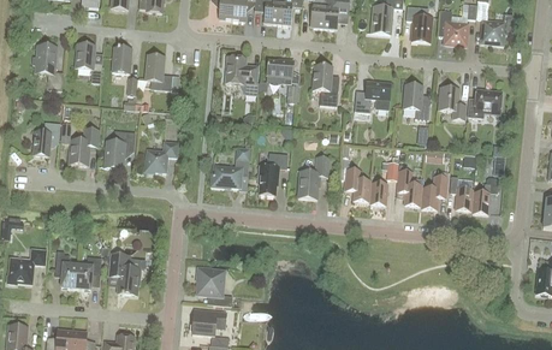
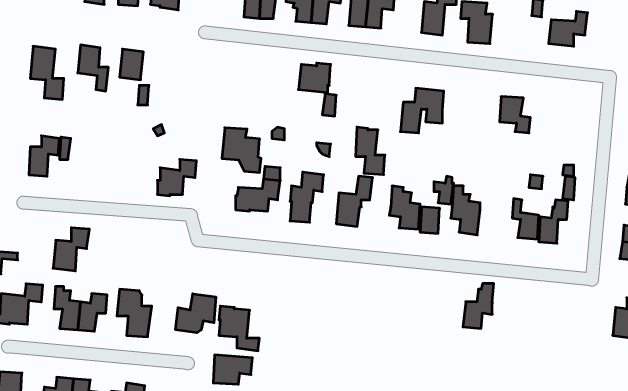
building: [438,8,468,45] -> none
building: [146,54,177,90] -> none
building: [225,55,259,94] -> [222,128,261,172]
building: [313,64,338,105] -> [356,127,385,175]
building: [403,83,431,118] -> none
building: [467,89,501,117] -> none
building: [69,127,100,165] -> [53,228,89,271]
building: [103,130,135,167] -> none
building: [421,171,447,209] -> [463,284,494,328]
building: none -> [176,294,216,333]

